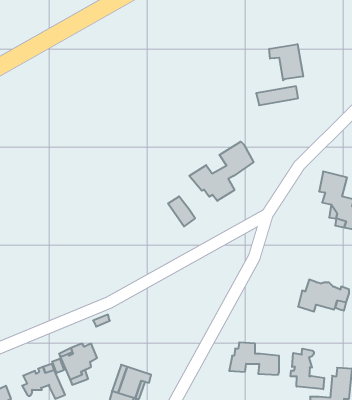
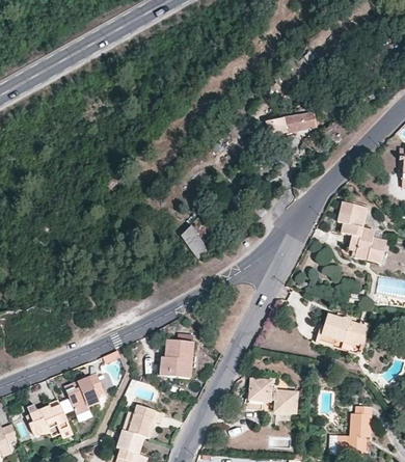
building: [269,44,303,80] -> none
building: [189,142,254,201] -> none
building: none -> [159,339,195,378]
building: [291,349,324,389] -> none

